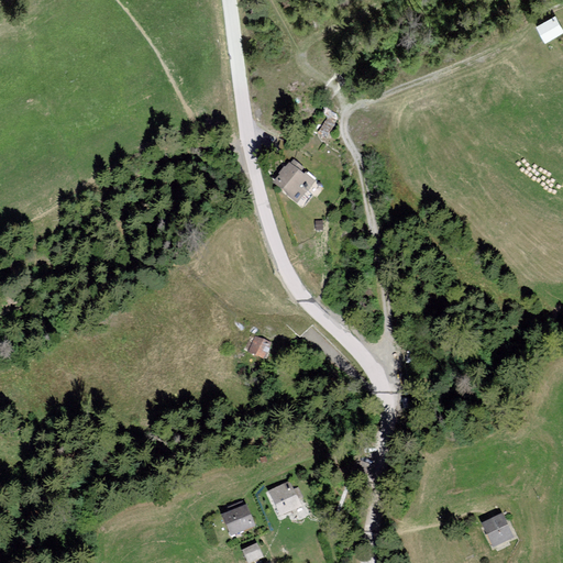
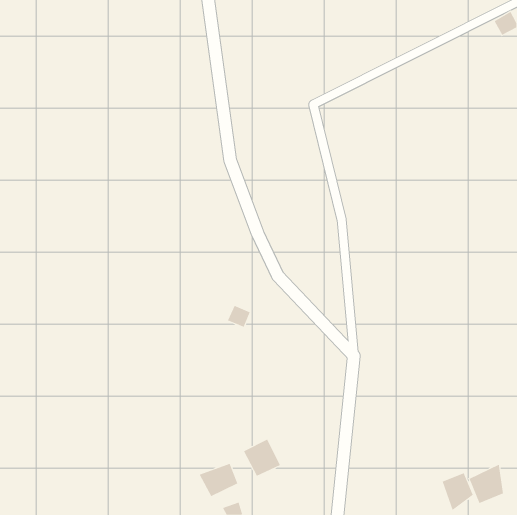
building: [276,162,317,207] -> none
building: none -> [469,464,503,504]

